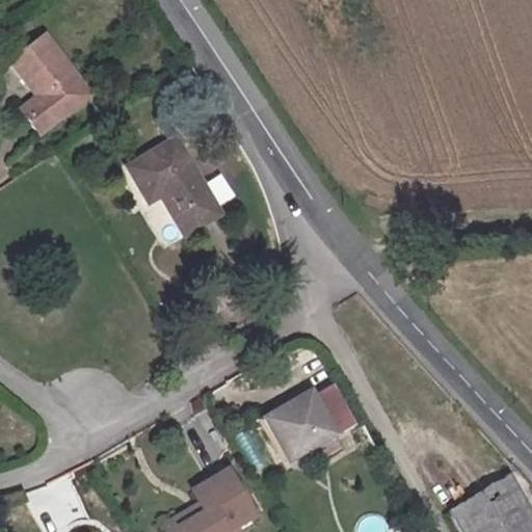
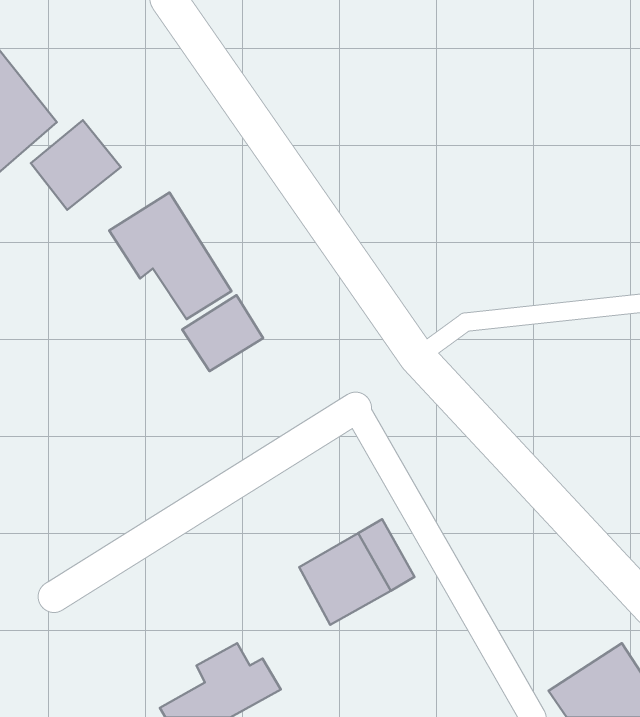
building: none -> [31,120,121,210]
building: none -> [182,295,263,371]

